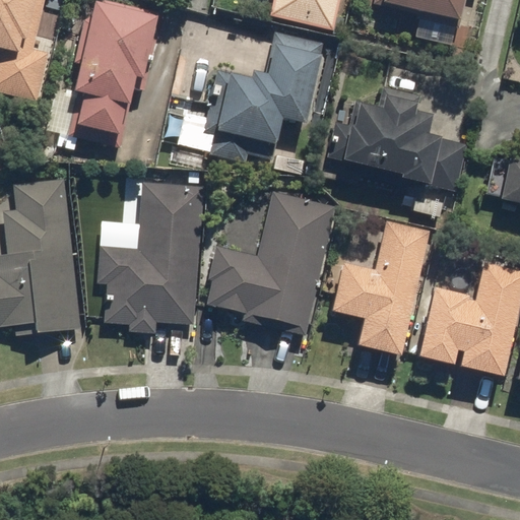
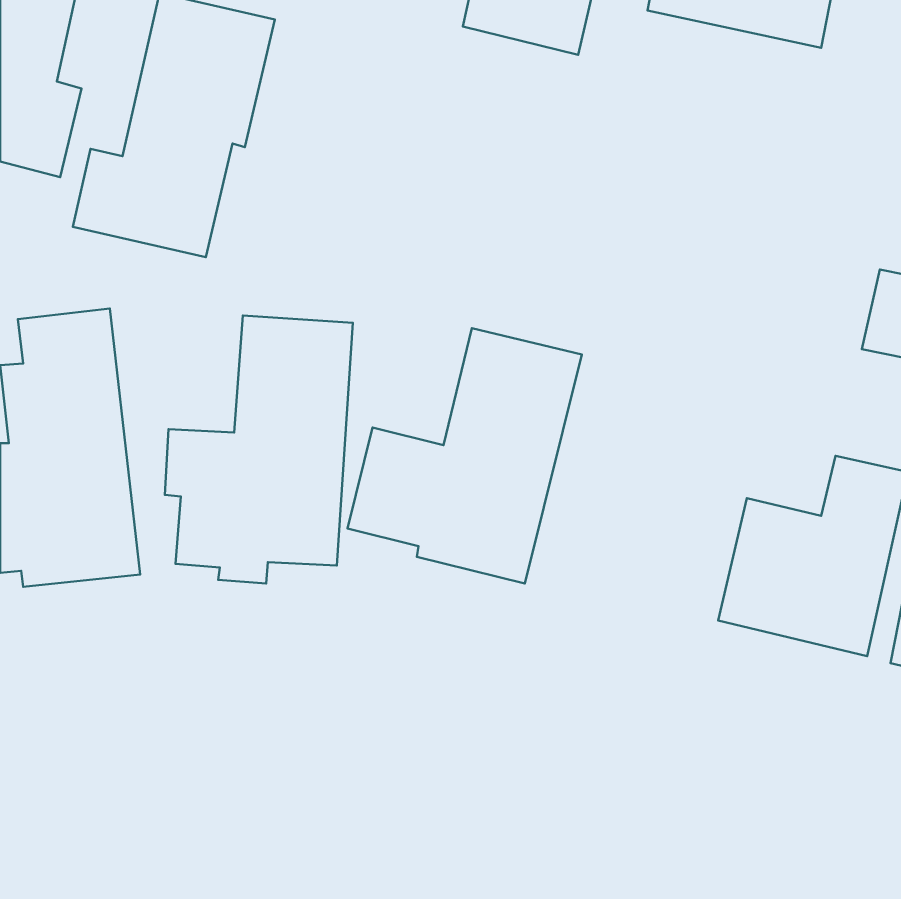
building: [202,29,325,166] -> none
building: [326,85,469,218] -> none
building: [327,218,429,355] -> none

